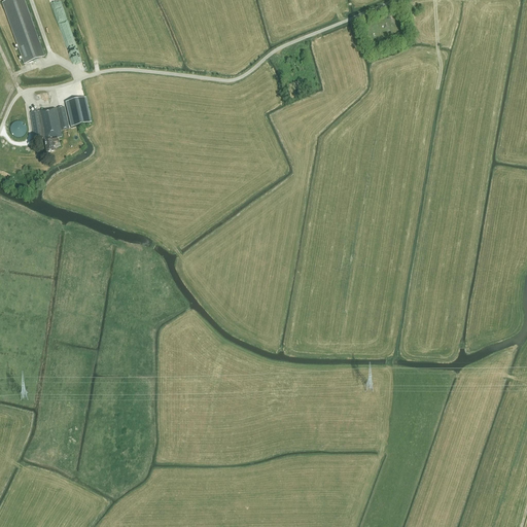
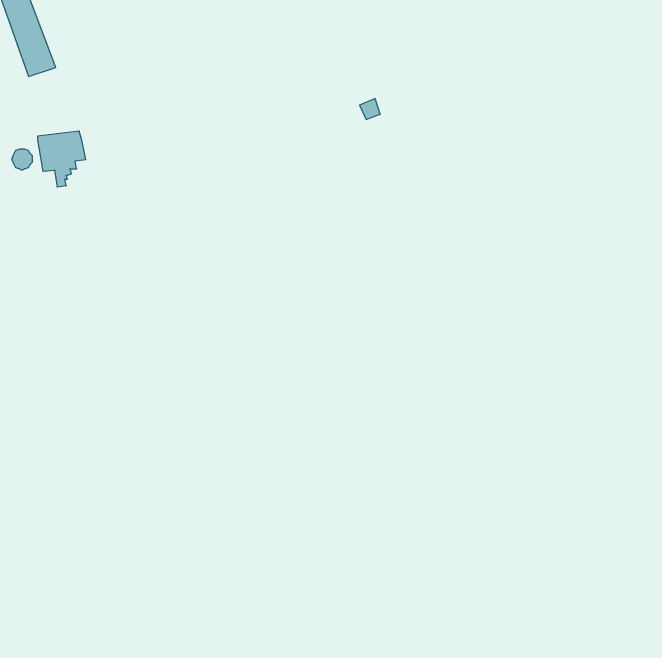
building: [64,95,90,125] -> none

